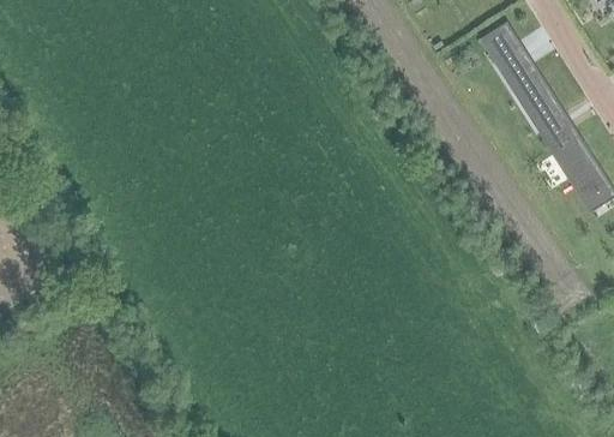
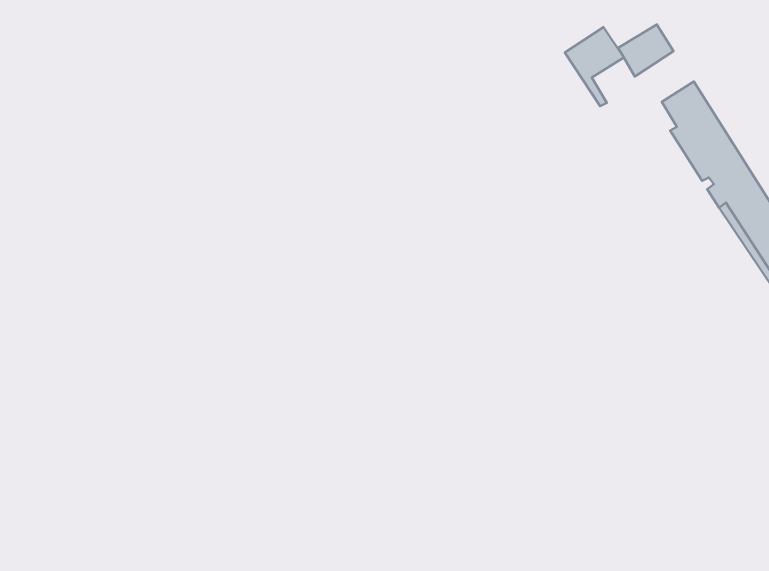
building: [490,42,532,98] -> [565,27,624,106]

